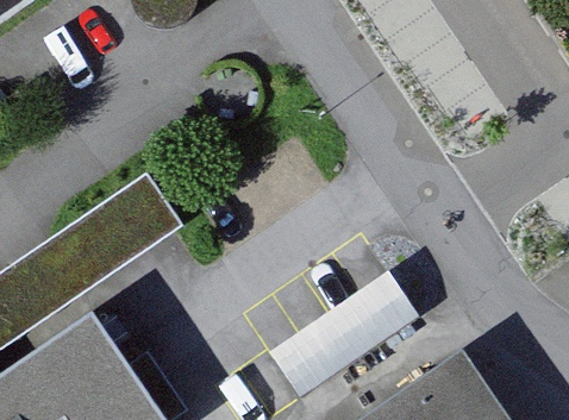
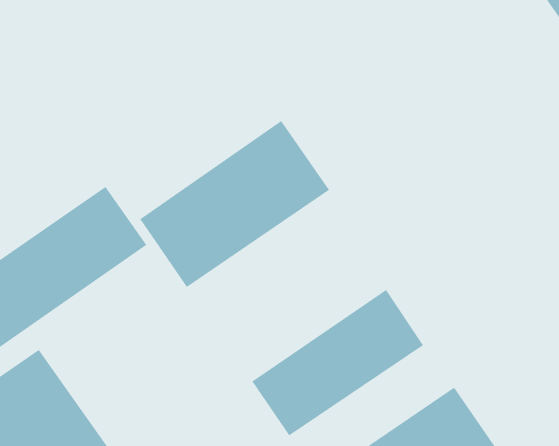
building: none -> [139,120,330,288]

